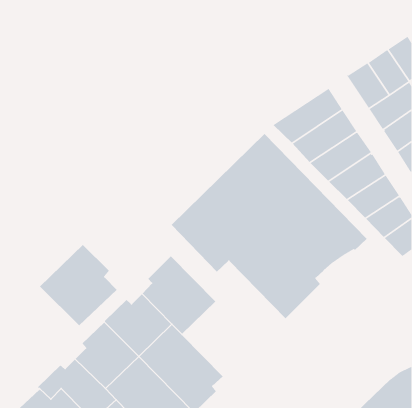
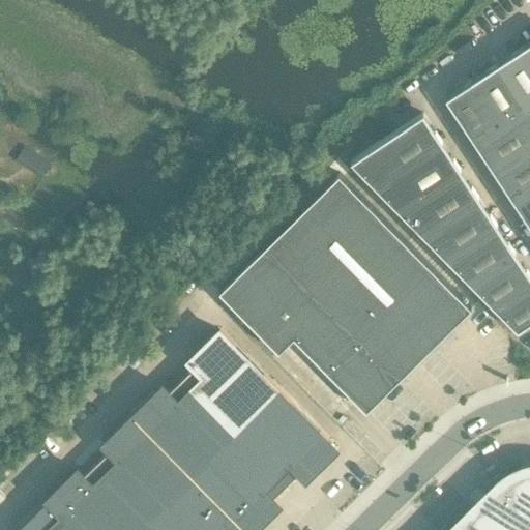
building: [39,244,118,326] -> none
building: none -> [234,392,335,489]

